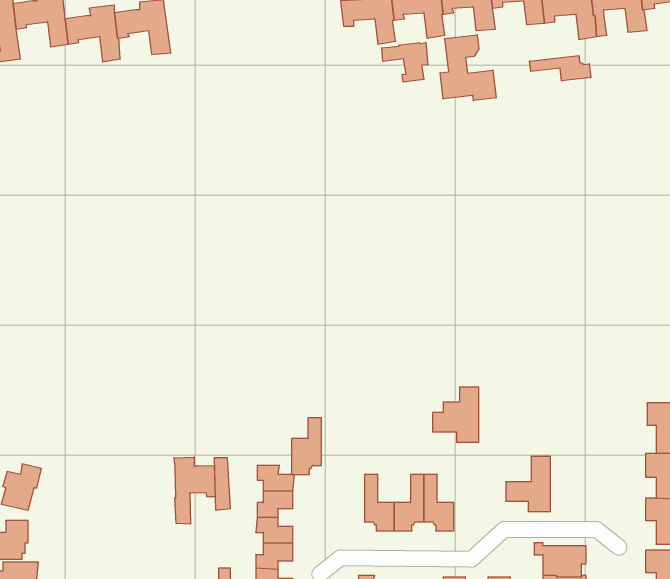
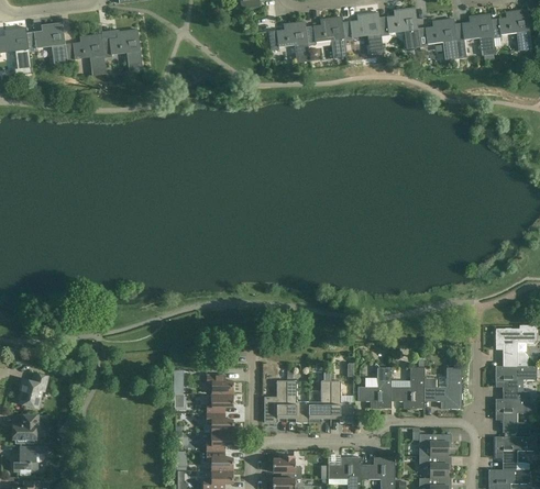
building: [440,35,496,101] -> none
building: [382,42,428,82] -> none
building: [530,56,591,81] -> none
building: [433,387,479,442] -> [356,367,390,408]
building: [292,418,321,474] -> [264,380,286,422]
building: none -> [423,367,461,408]
building: [174,457,215,524] -> none

